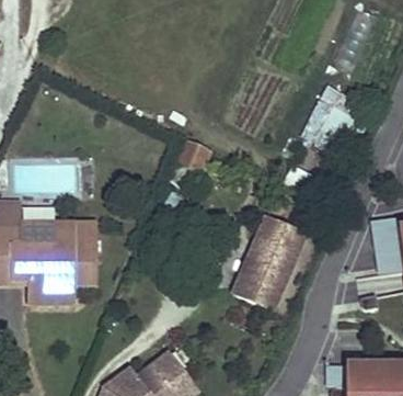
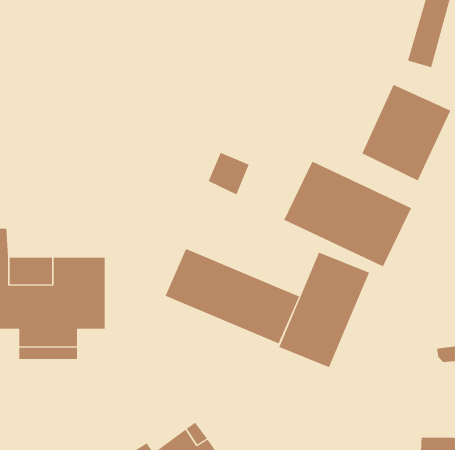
building: none -> [283,161,412,267]
building: none -> [165,248,300,344]

